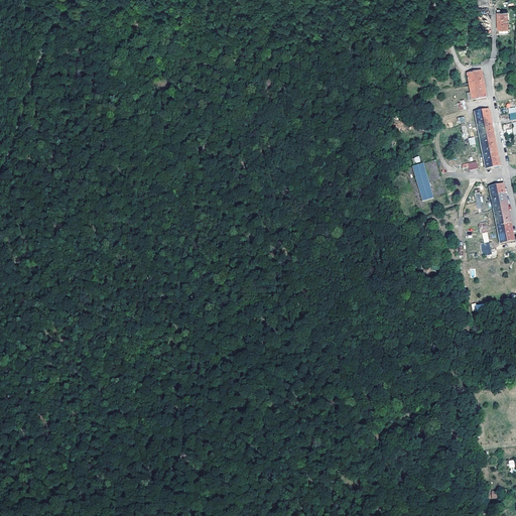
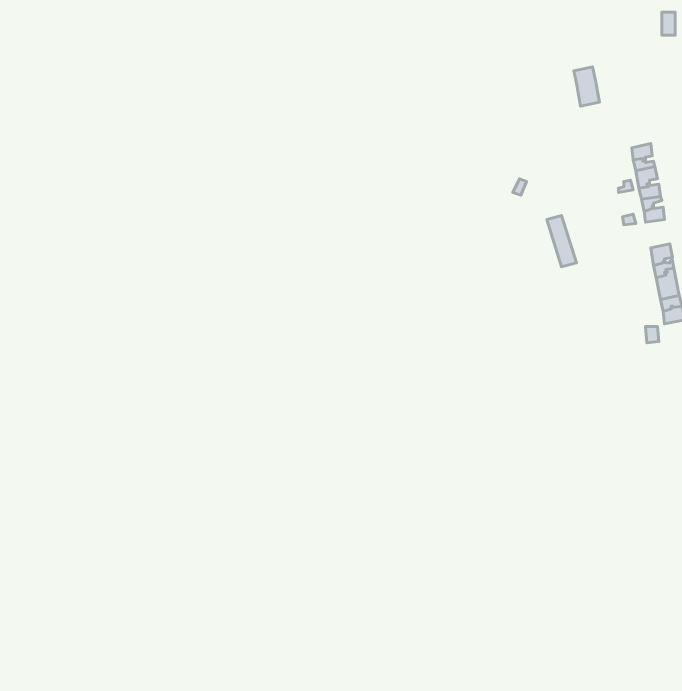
building: [470,70,489,99] -> [574,67,599,106]

